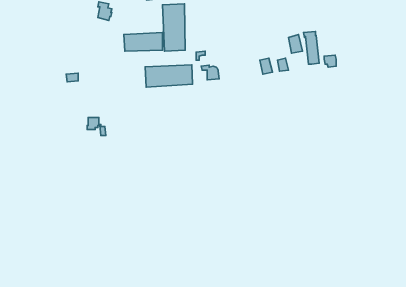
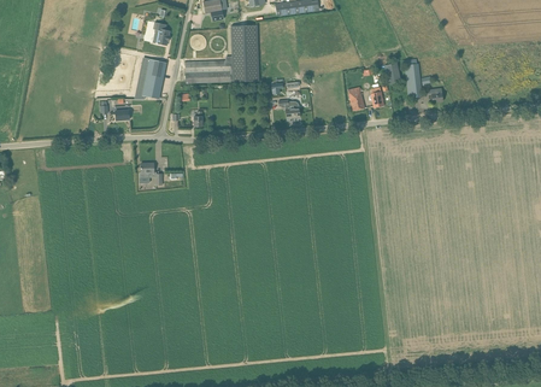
building: none -> [137,57,166,98]
building: [145,65,193,87] -> none

